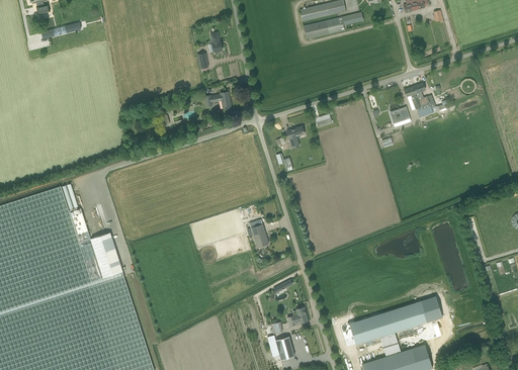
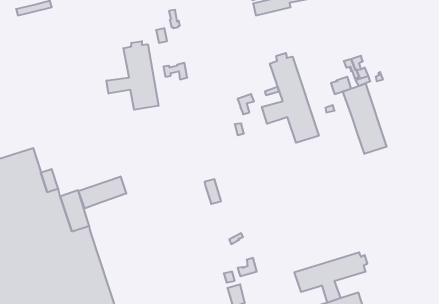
building: none -> [107,41,158,110]
building: none -> [262,53,319,143]
building: none -> [343,84,387,154]
building: none -> [78,176,126,209]

